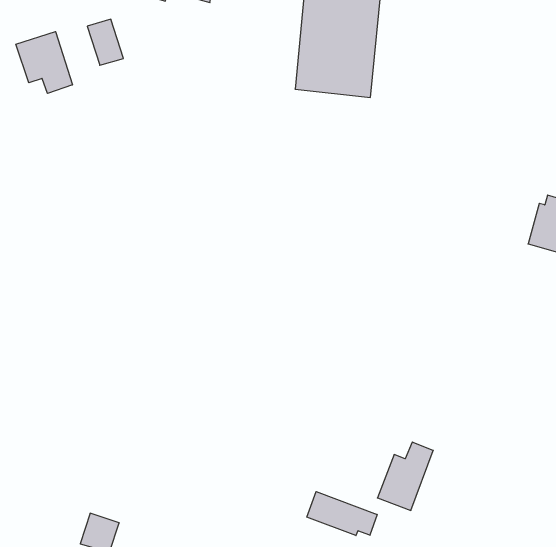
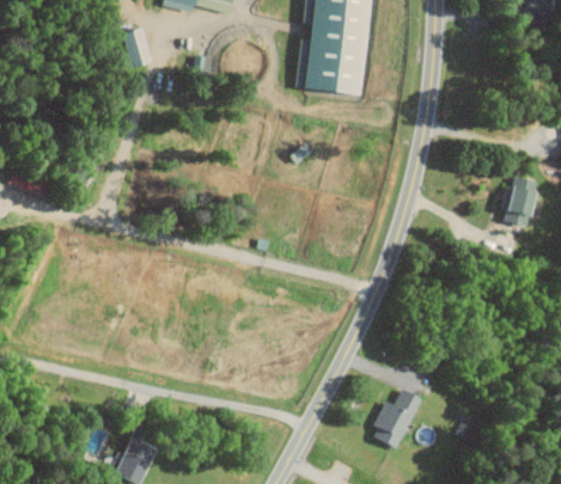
building: [16,32,72,93] -> none
building: [307,492,377,536] -> none

